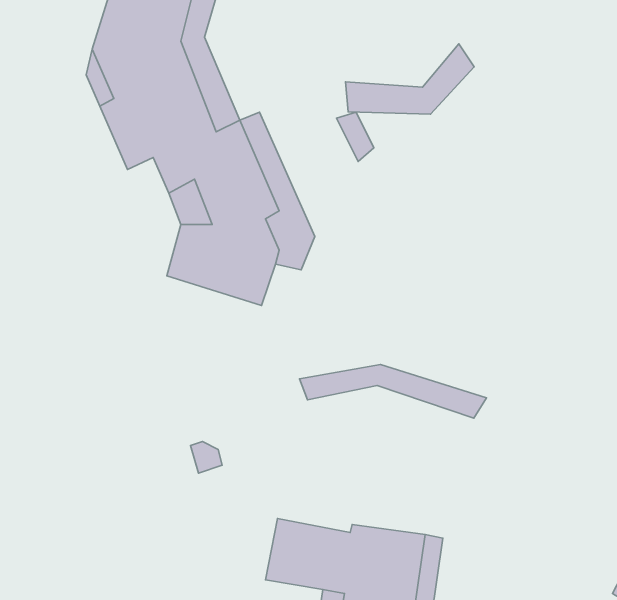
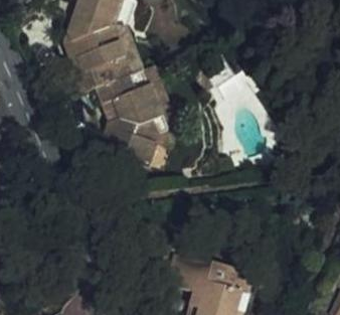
building: [346,44,474,114] -> none
building: [300,365,487,418] -> none

